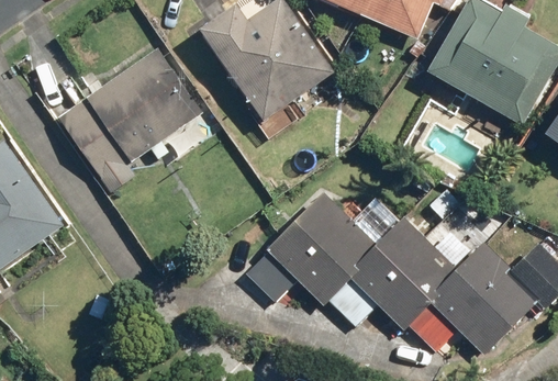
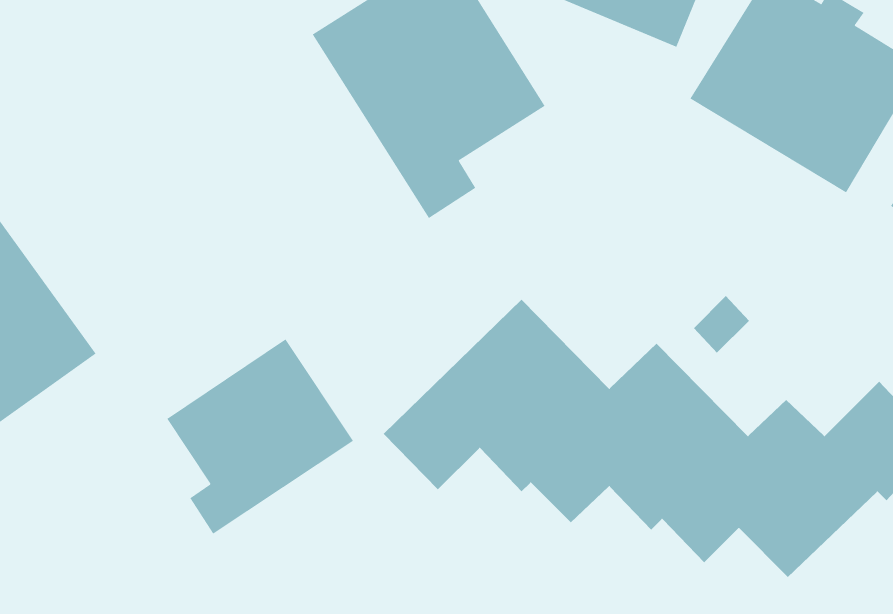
building: [56,47,219,195] -> none
building: none -> [167,338,354,535]

